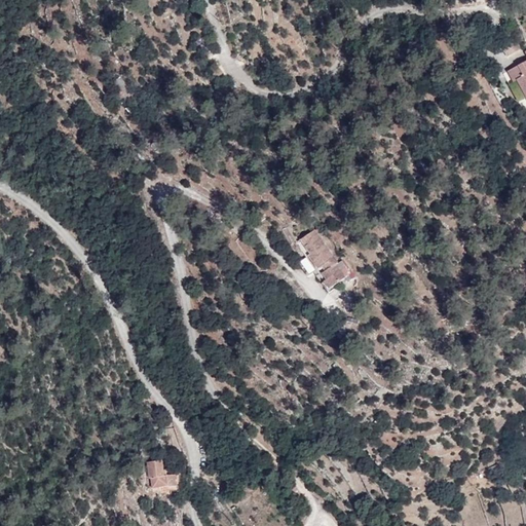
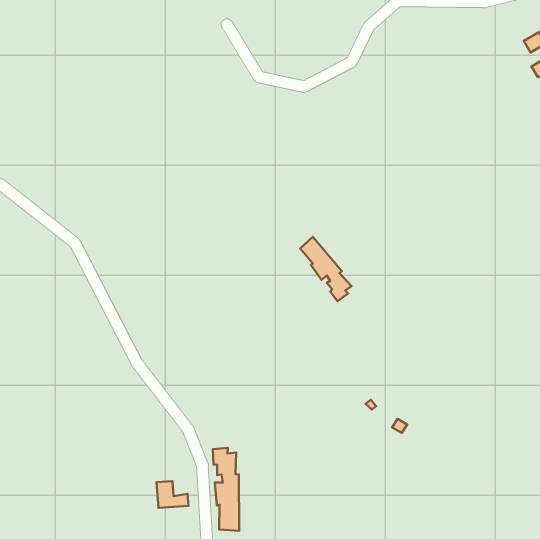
building: none -> [213,448,239,531]

